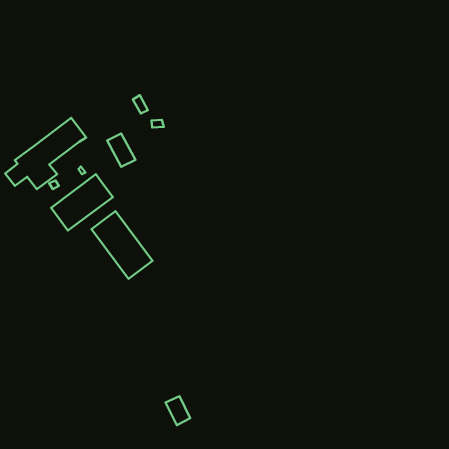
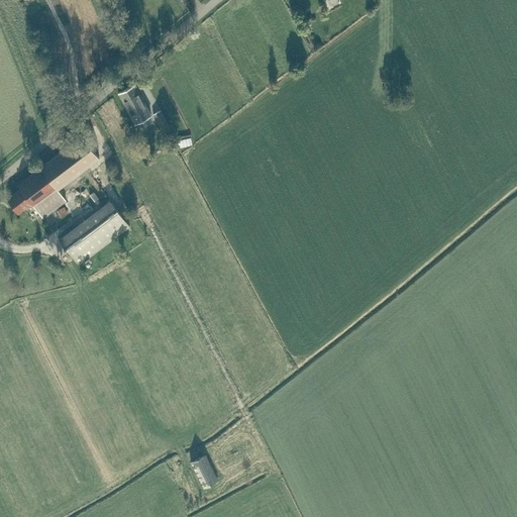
building: [107,134,135,167] -> [119,86,151,124]
building: [92,211,152,279] -> none

